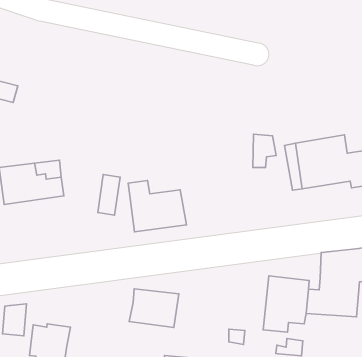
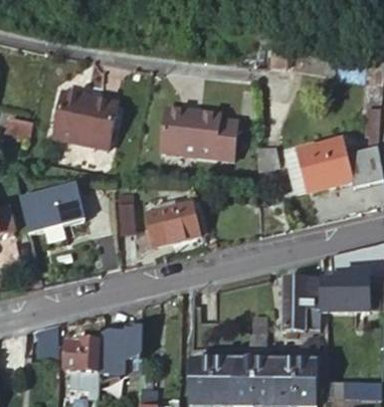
building: none -> [52,92,119,151]
building: none -> [163,113,237,158]
building: [129,289,179,328] -> [99,329,143,362]

